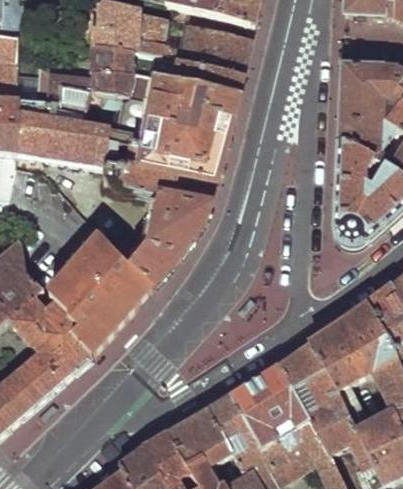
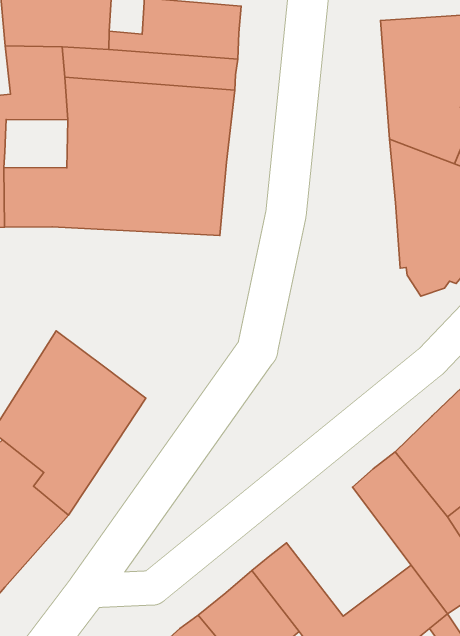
building: [104,165,216,285] -> none
building: [231,362,310,445] -> none

